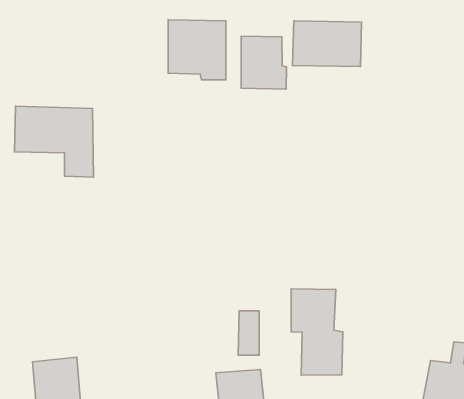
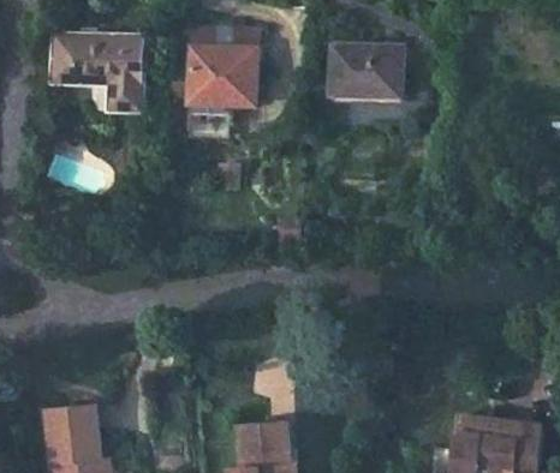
building: [241,36,286,89] -> none
building: [15,106,94,177] -> [54,34,139,110]
building: [291,289,343,375] -> none

